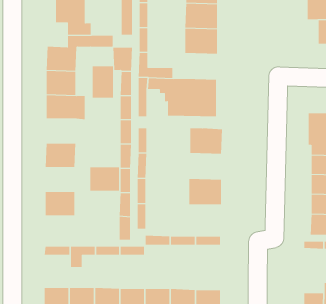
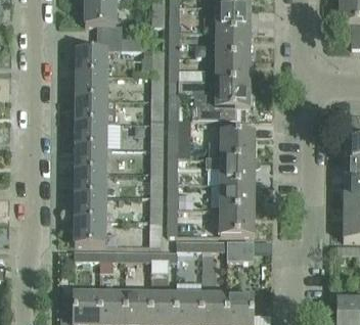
building: none -> [216,55,250,82]
building: [92,65,113,99] -> none
building: none -> [76,122,106,146]
building: none -> [220,156,254,183]
building: [89,167,120,191] -> [75,171,105,195]
building: none -> [220,208,254,234]
building: none -> [75,220,105,244]

